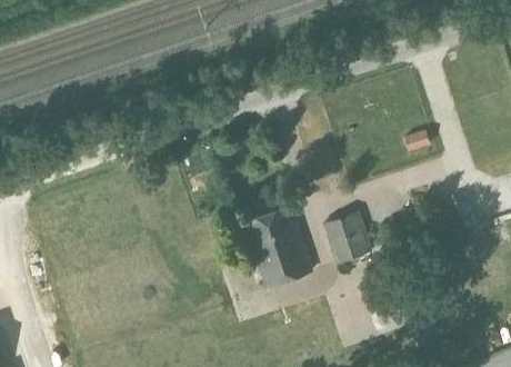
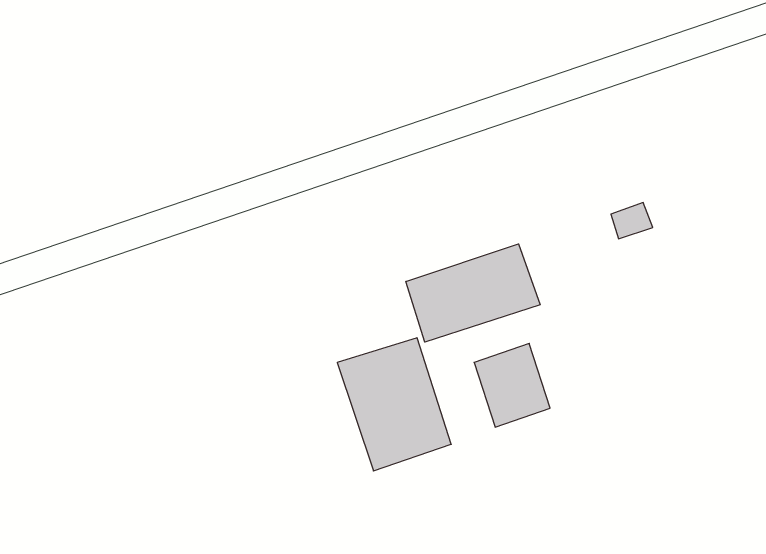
building: none -> [406,244,540,342]

